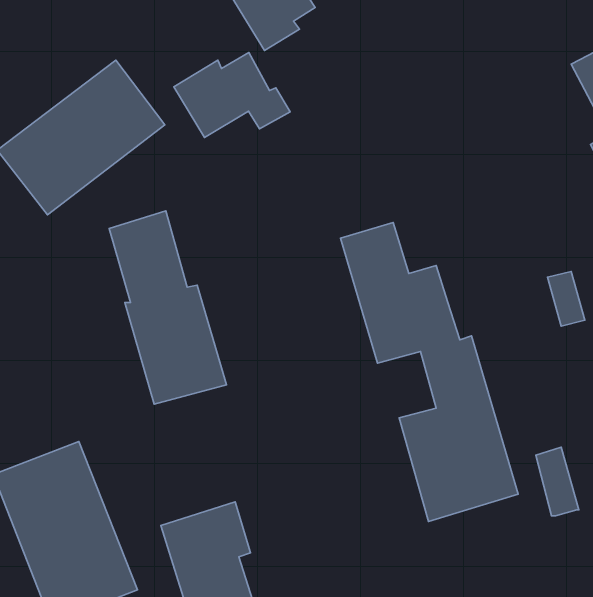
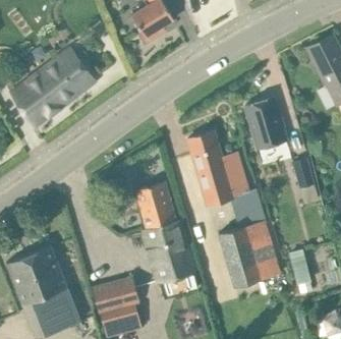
building: [174,53,290,138] -> none
building: none -> [244,97,286,149]
building: [109,211,226,404] -> [134,181,195,282]

